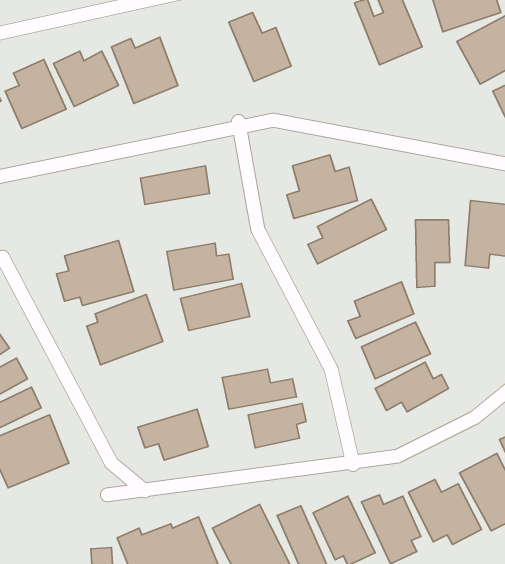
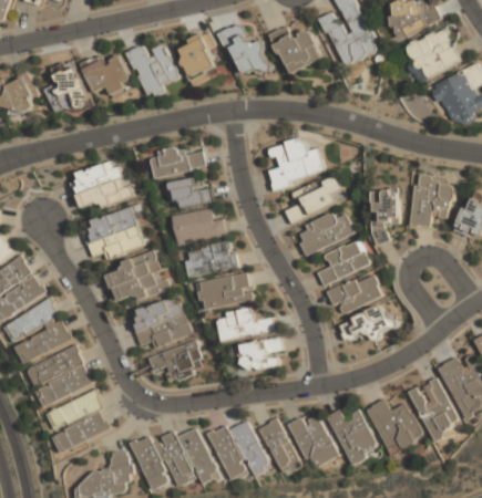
building: none -> [271,27,320,72]
building: none -> [177,31,216,84]
building: none -> [70,158,129,210]
building: none -> [167,176,212,209]
building: none -> [297,214,353,253]
building: none -> [197,274,250,309]
building: none -> [127,295,191,349]
building: none -> [50,391,109,452]

